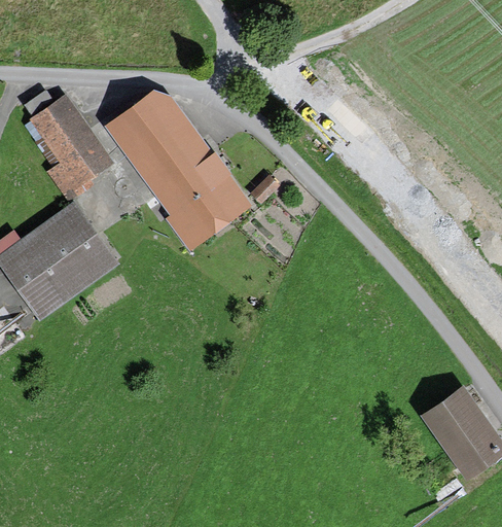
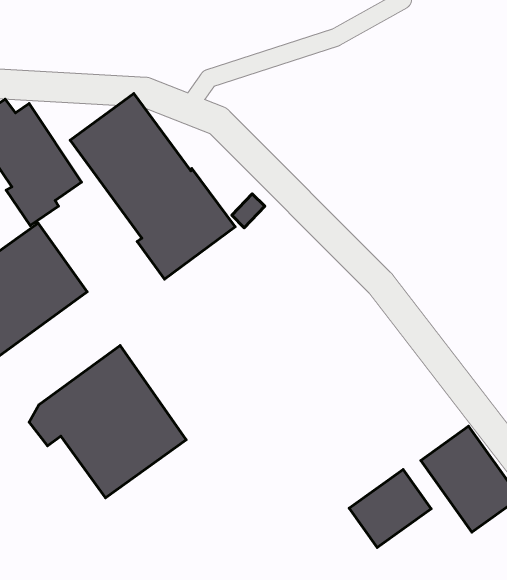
building: none -> [29,346,186,498]
building: none -> [349,470,431,548]

